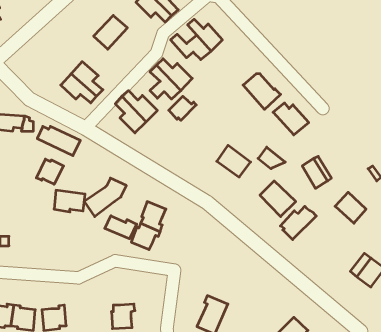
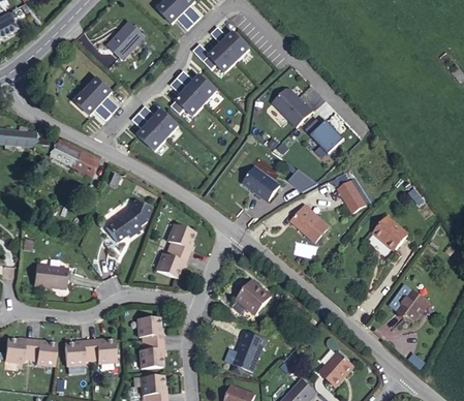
building: [169,96,196,120] -> none
building: [36,159,64,184] -> none
building: [54,190,85,212] -> [31,265,65,288]
building: [280,206,316,240] -> none
building: [105,216,137,239] -> none
building: none -> [237,281,272,315]
building: none -> [132,314,159,340]
building: none -> [83,340,111,365]

